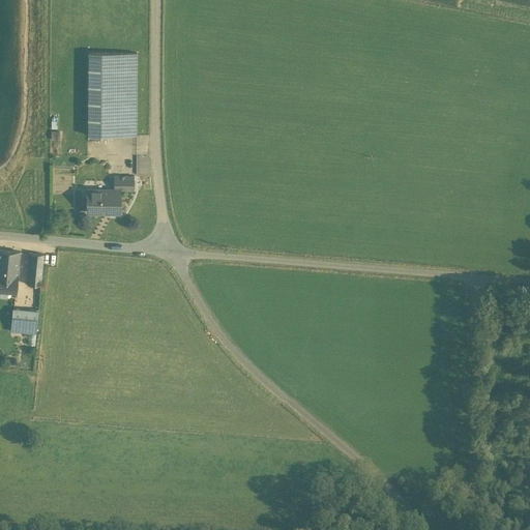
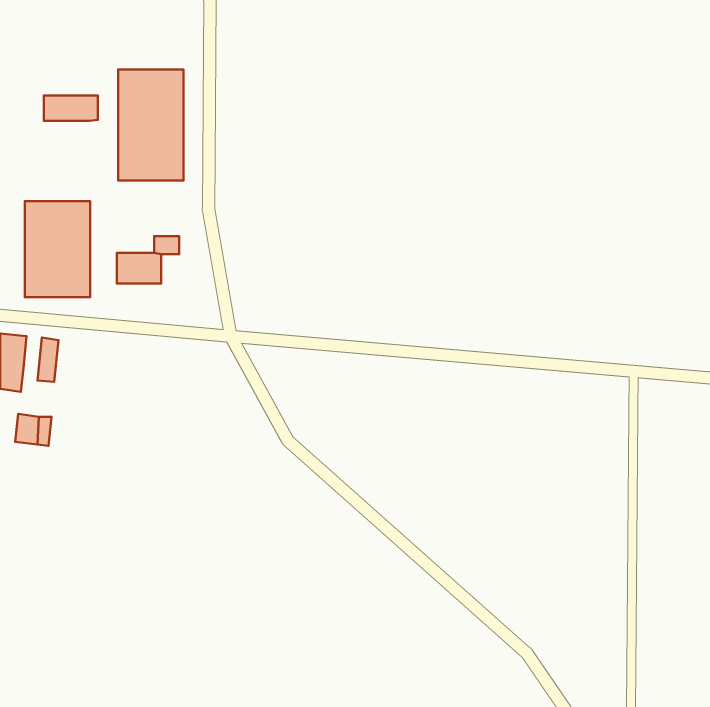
building: none -> [44,96,98,121]
building: none -> [25,201,90,297]

